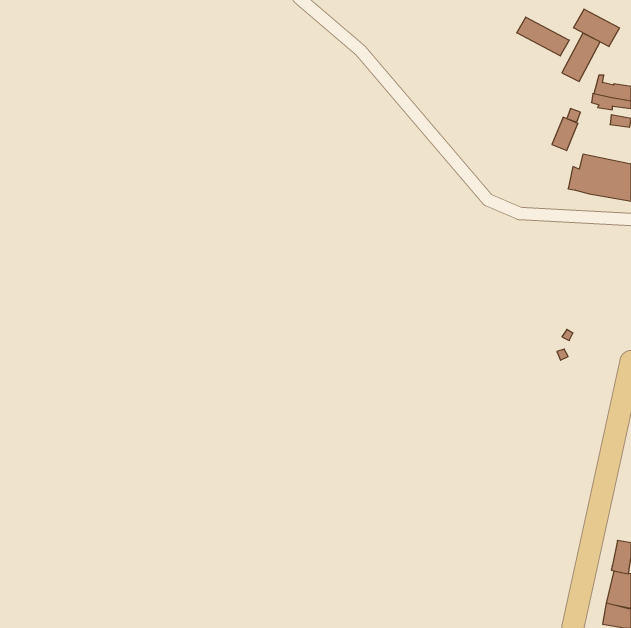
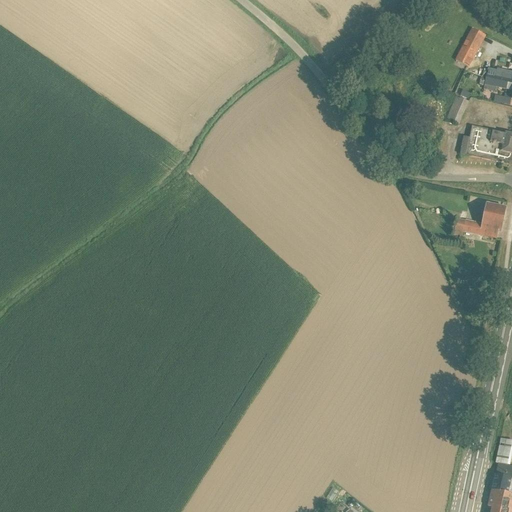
building: [574,9,619,47] -> none
building: [517,17,569,56] -> none
building: none -> [454,201,506,237]

